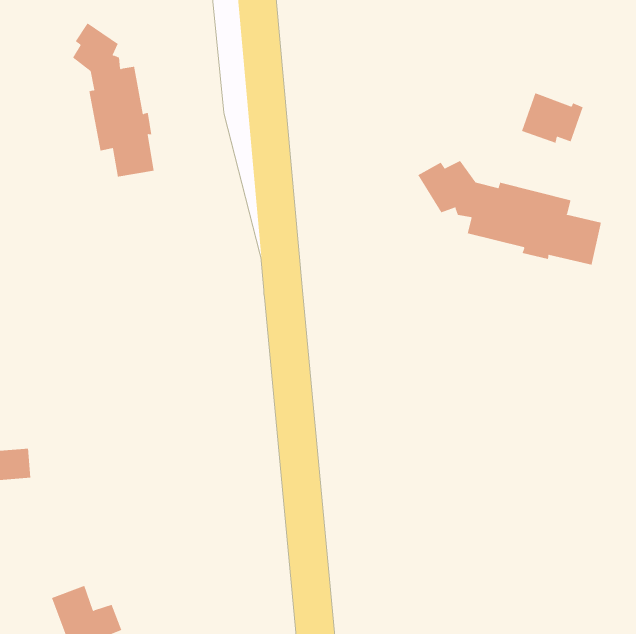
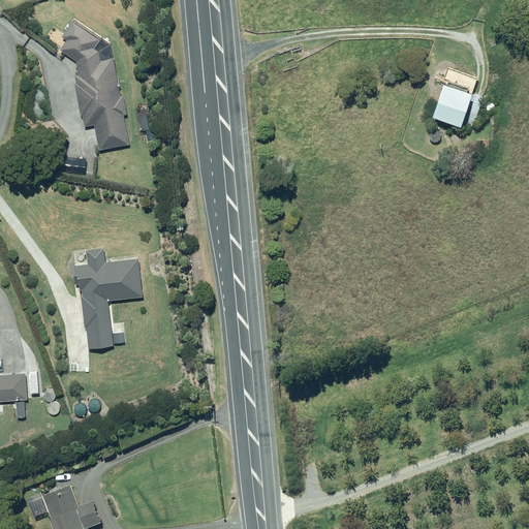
building: [417,160,602,266] -> none
building: none -> [72,249,142,349]

